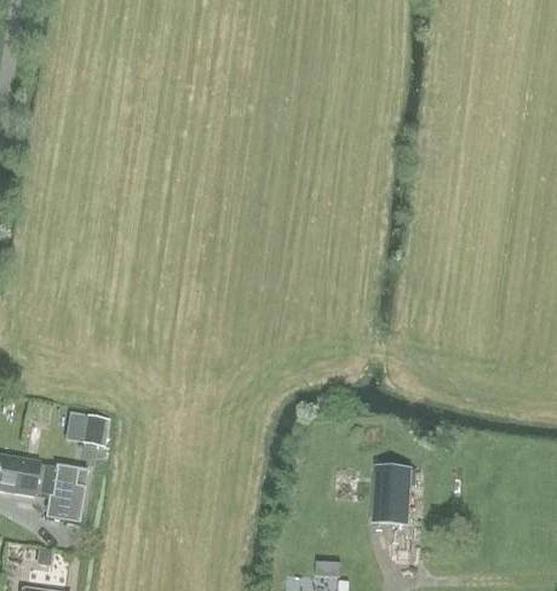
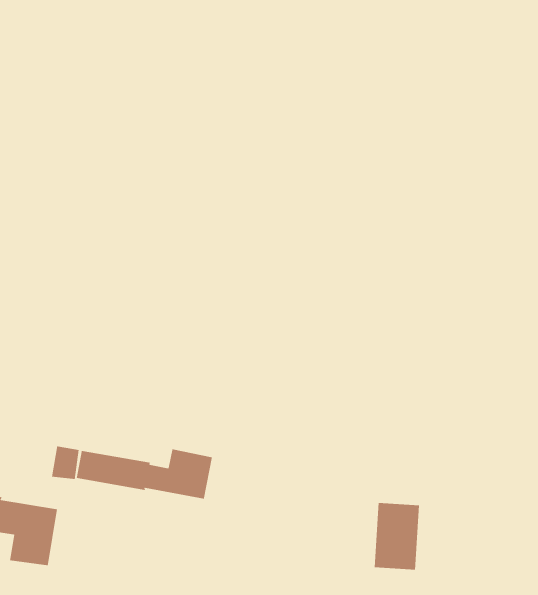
building: none -> [76,449,213,499]

